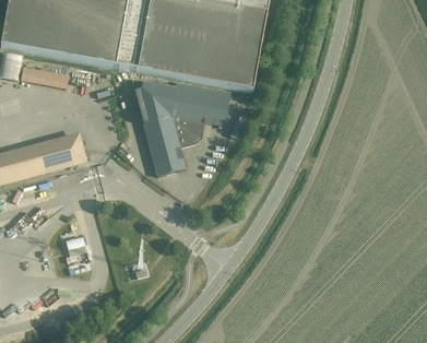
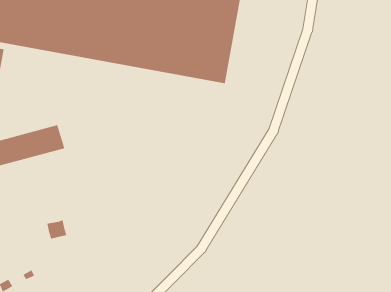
building: [131,78,228,174] -> none

